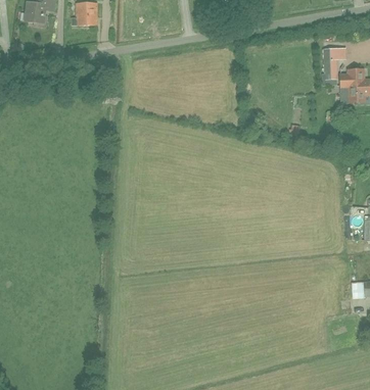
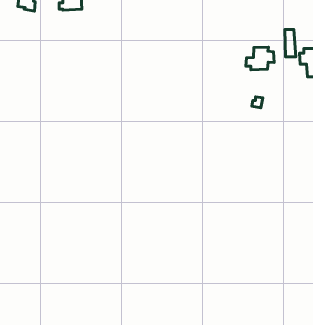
building: none -> [246,47,274,70]

